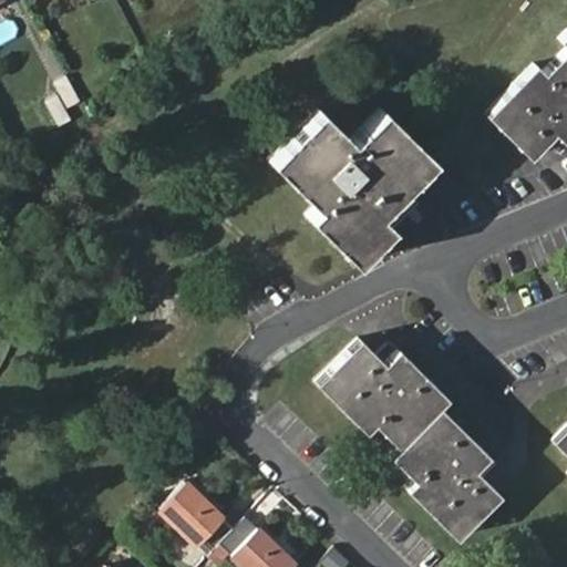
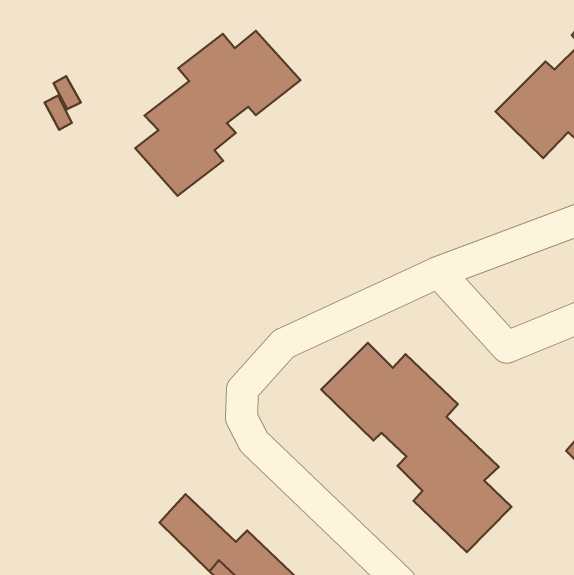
building: none -> [135,31,300,196]
building: [272,110,440,266] -> none

